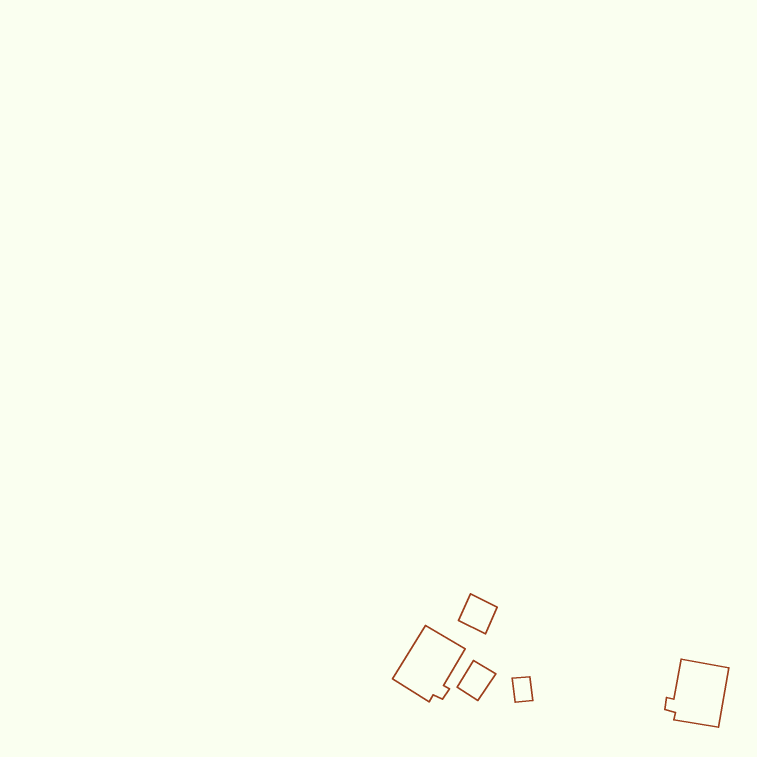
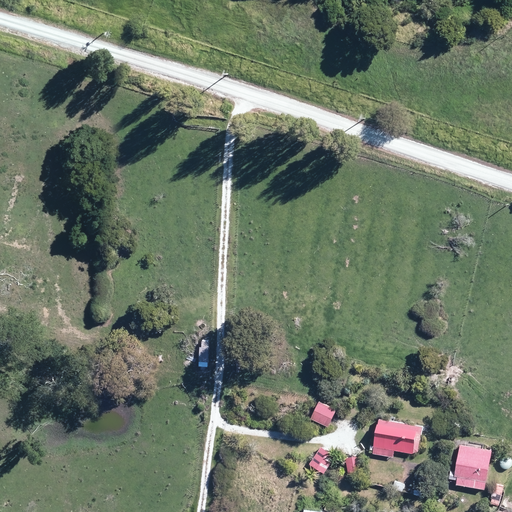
building: none -> [372,419,421,456]
building: [393,625,465,702] -> none

